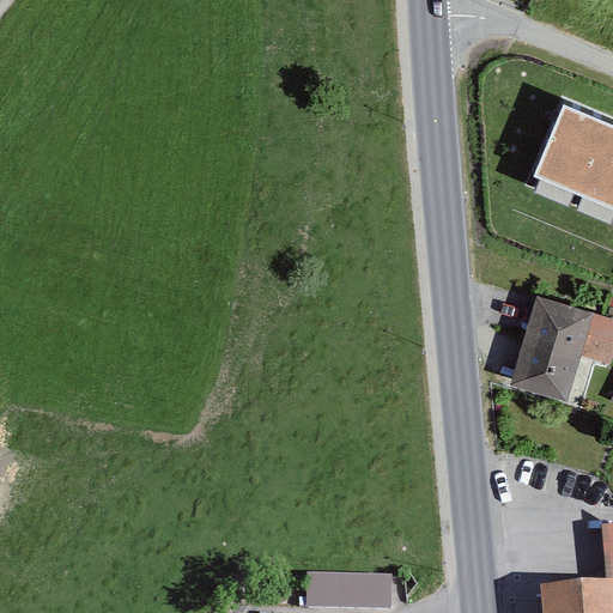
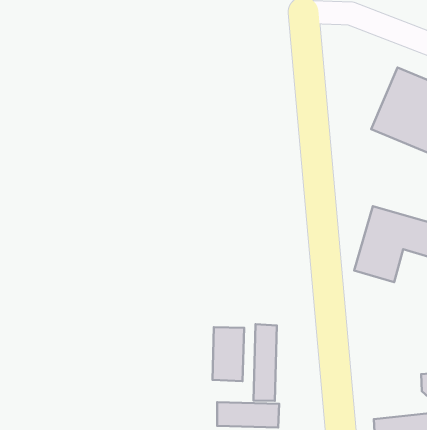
building: none -> [253,324,277,401]
building: none -> [212,327,244,381]

